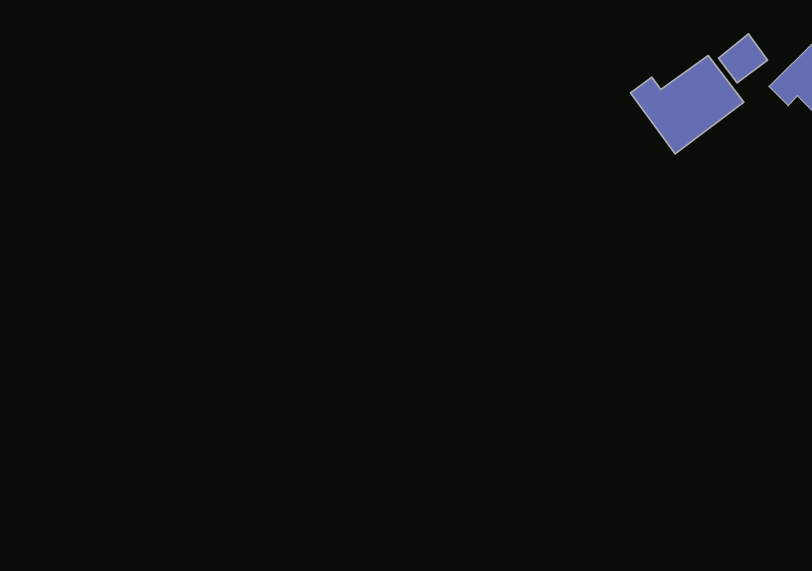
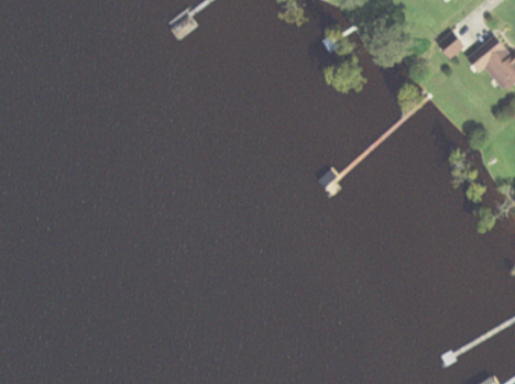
building: [630,55,744,154] -> none

